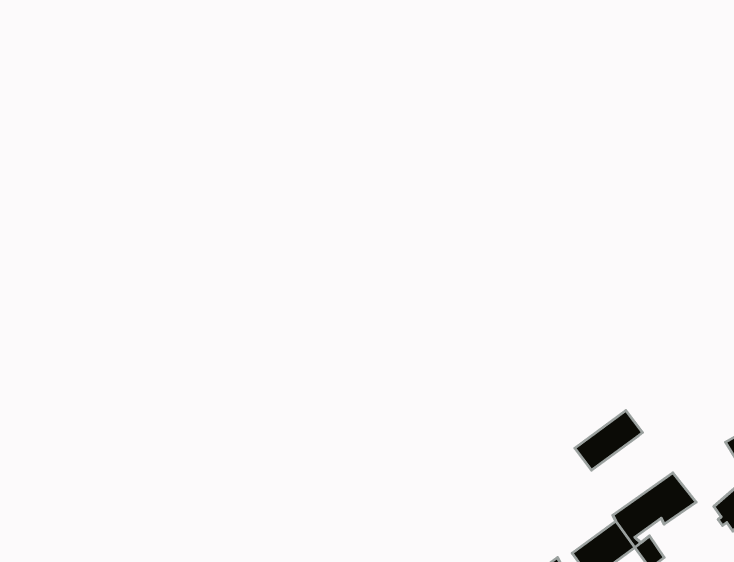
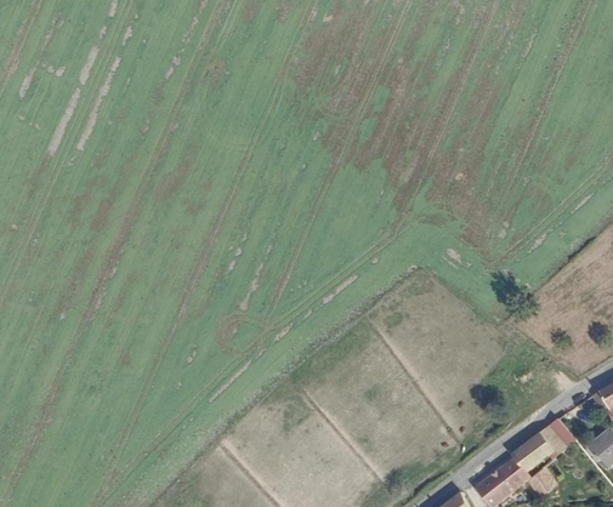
building: [575,411,642,470] -> none

